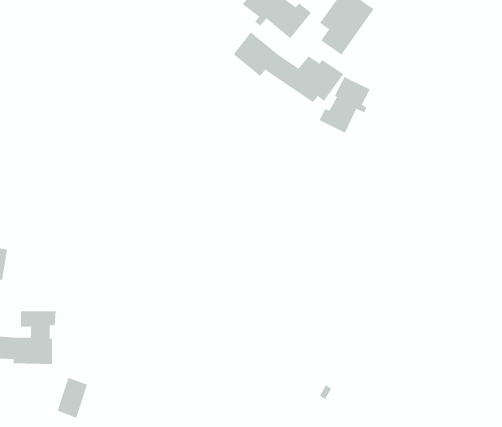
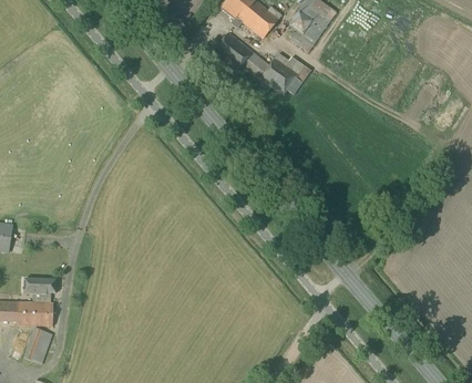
building: [319,76,370,134] -> none
building: [57,377,88,418] -> [23,327,51,363]

